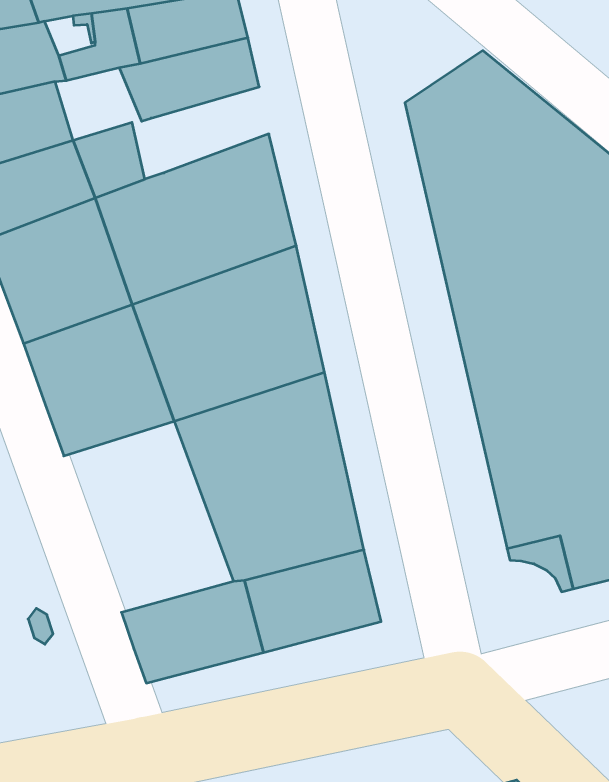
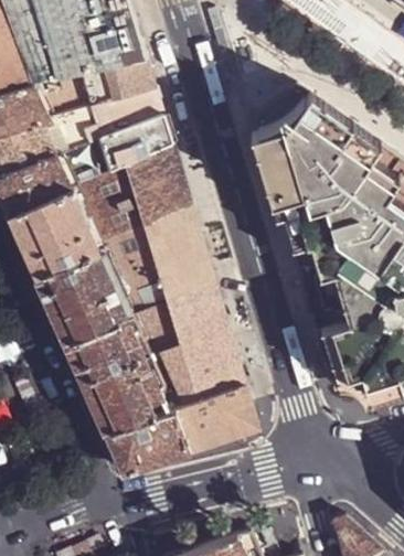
building: none -> [43,116,96,161]
building: none -> [102,121,172,177]
building: none -> [64,323,170,439]

